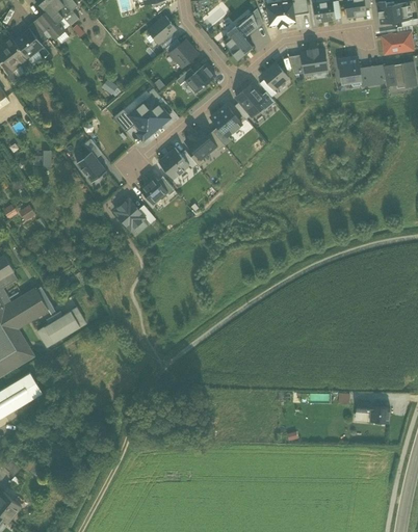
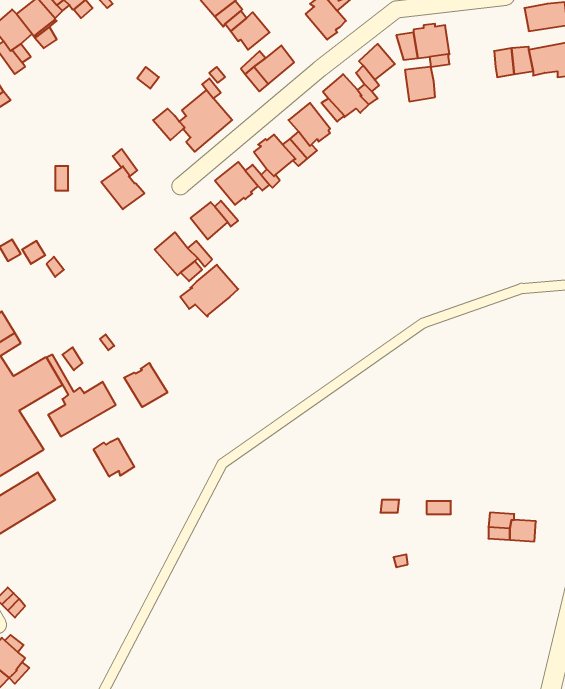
building: [339,57,361,82] -> [405,67,435,101]
building: none -> [180,265,238,317]
building: none -> [124,363,167,407]
building: none -> [94,438,134,477]

